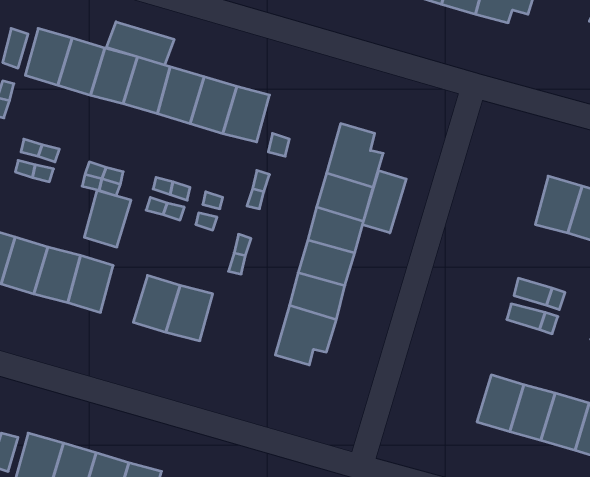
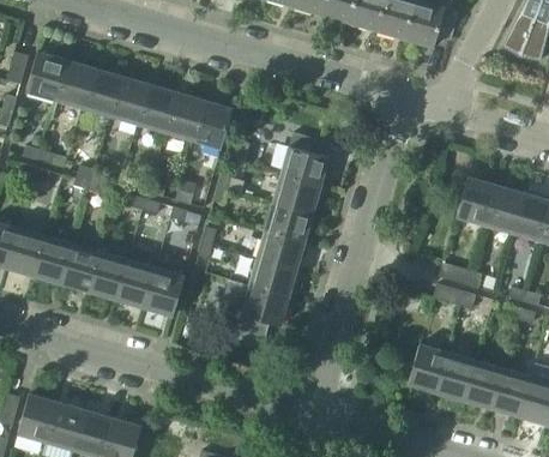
building: [107,22,174,65] -> none
building: [362,171,406,233] -> none
building: [84,190,131,247] -> [90,252,129,300]

